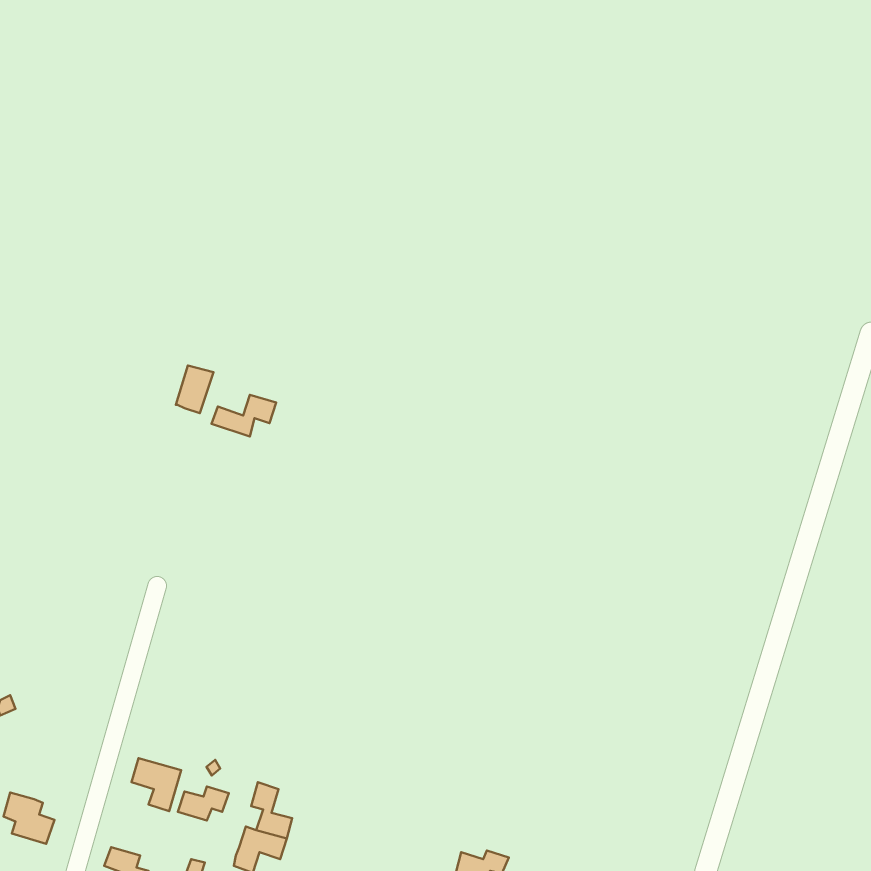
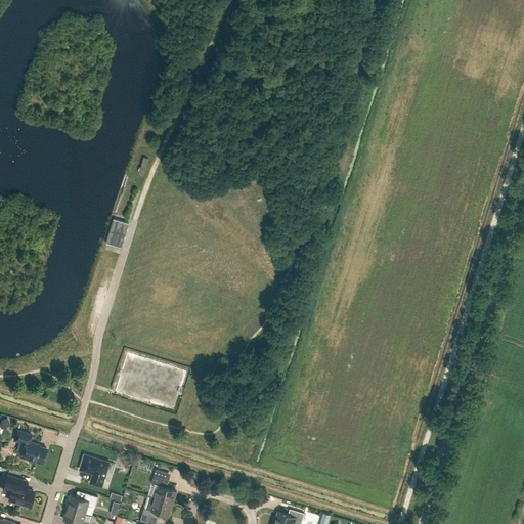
building: [211,395,276,437] -> none
building: none -> [13,431,46,464]
building: [178,786,229,821] -> [67,493,97,514]

